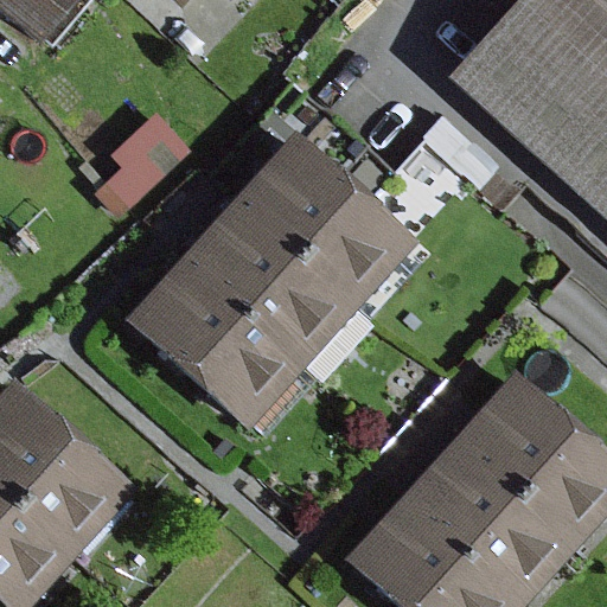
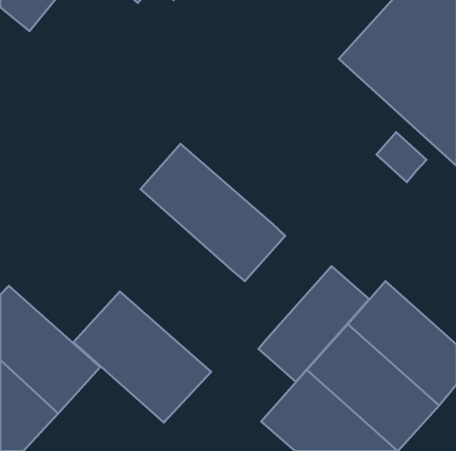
building: [104,110,197,213] -> none
building: [241,133,414,298] -> none
building: [126,251,308,426] -> [73,291,211,423]
building: none -> [258,266,369,382]

